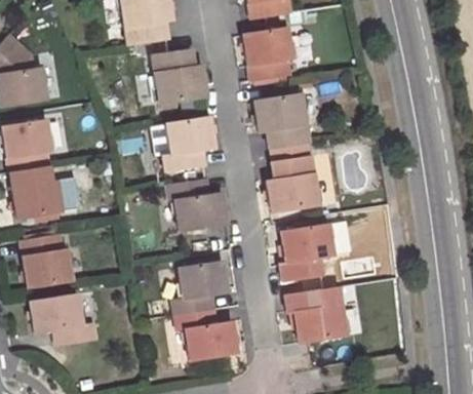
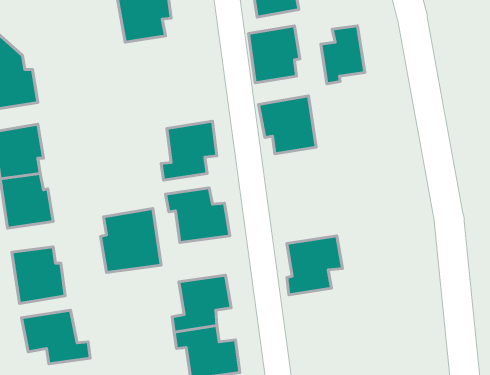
building: none -> [321,26,365,84]
building: [152,49,207,105] -> none
building: [267,156,319,212] -> none
building: none -> [100,209,161,272]
building: [284,288,346,342] -> none

